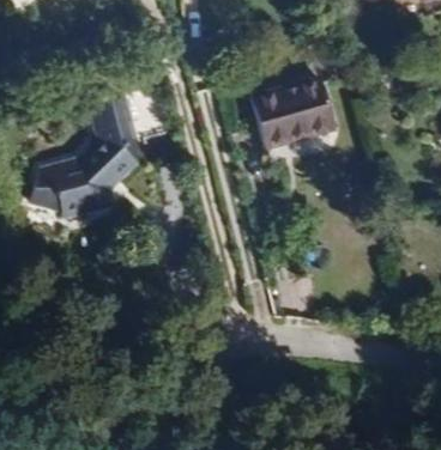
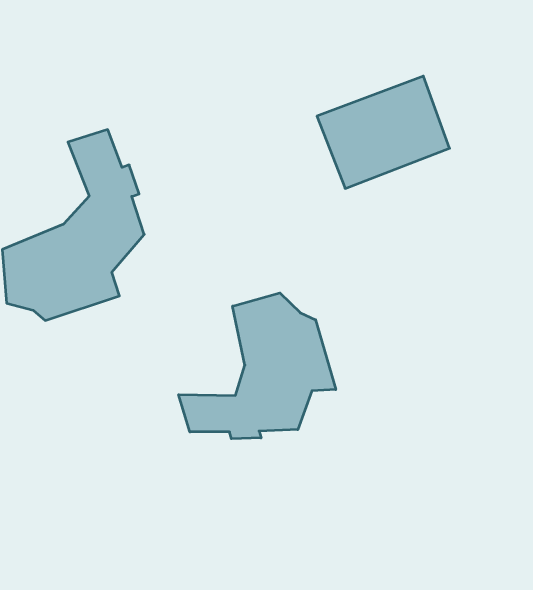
building: none -> [179,293,336,439]

